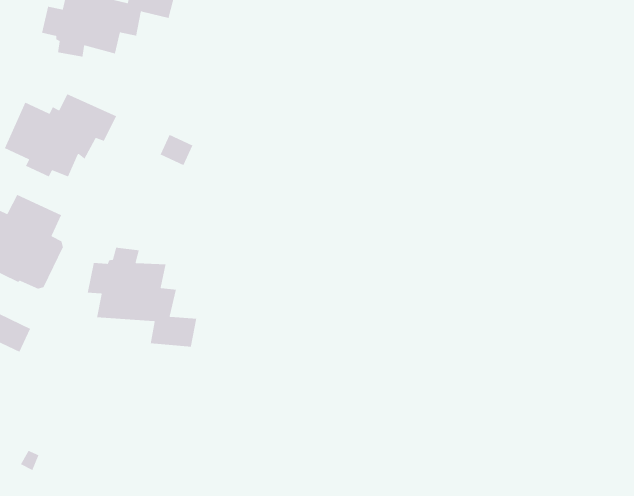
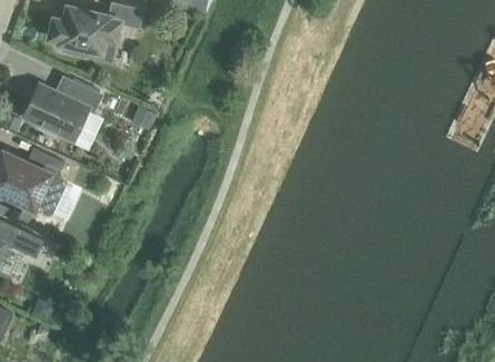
building: [87,247,197,347] -> none

